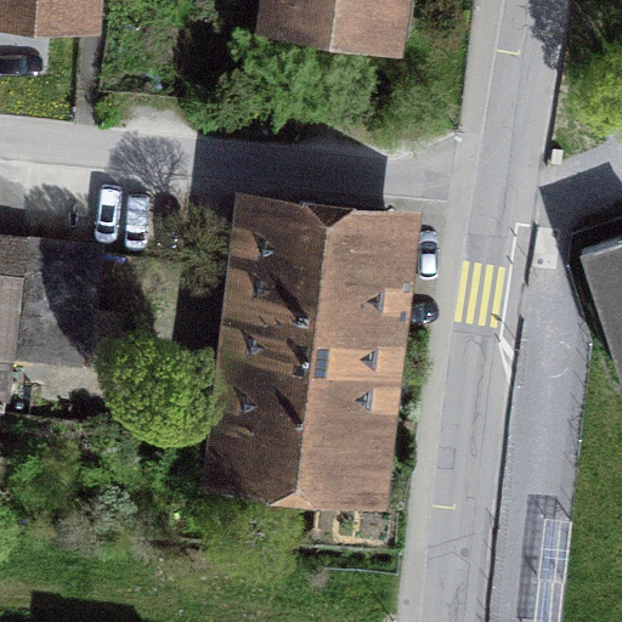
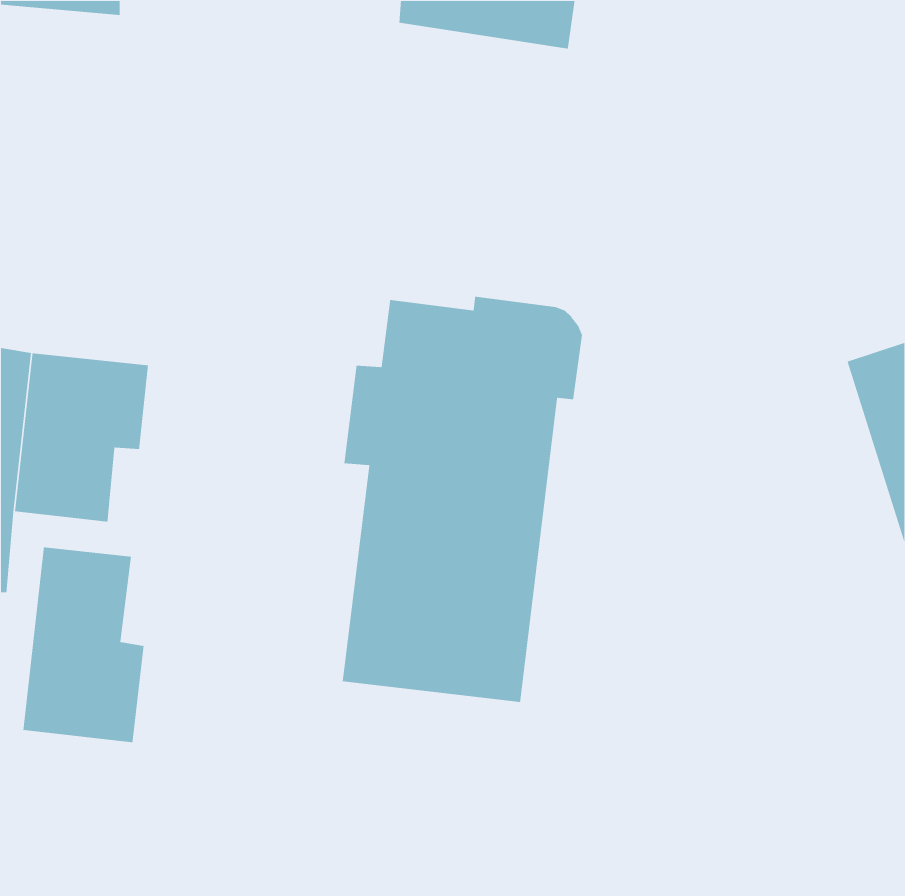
building: none -> [23,546,145,743]

